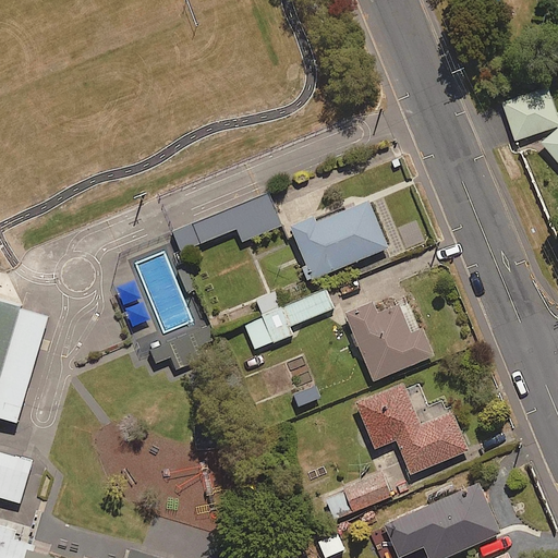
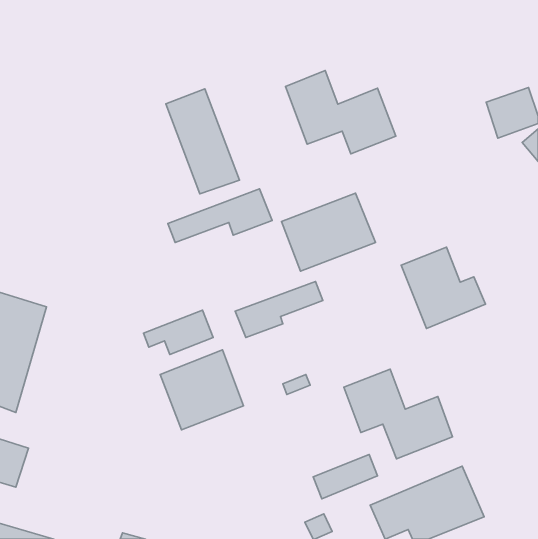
building: none -> [285,71,396,154]
building: none -> [166,89,240,194]
building: [345,298,433,381] -> [401,247,486,328]
building: none -> [160,350,243,430]

